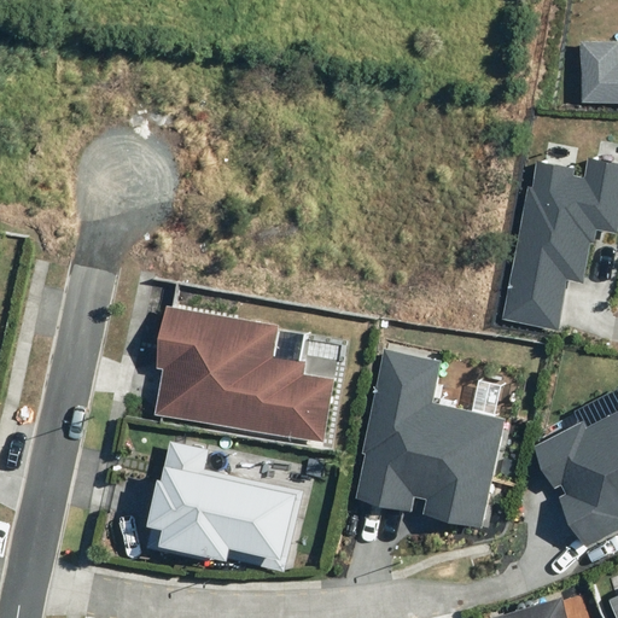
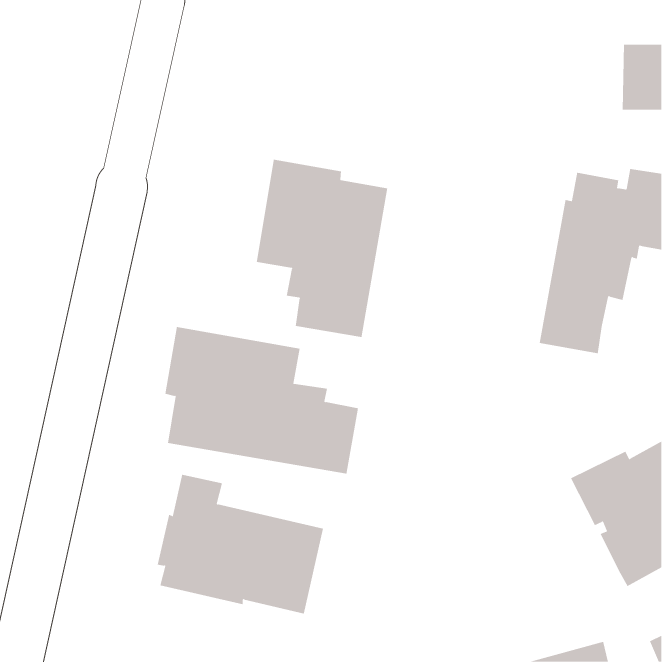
building: none -> [256,159,388,338]
building: [355,351,502,526] -> none

